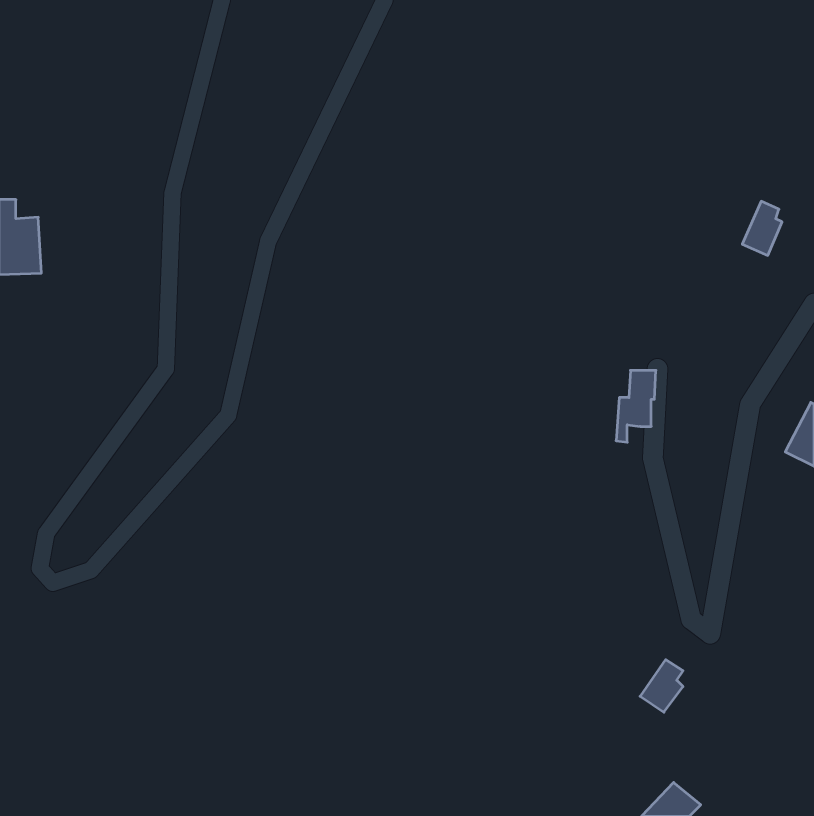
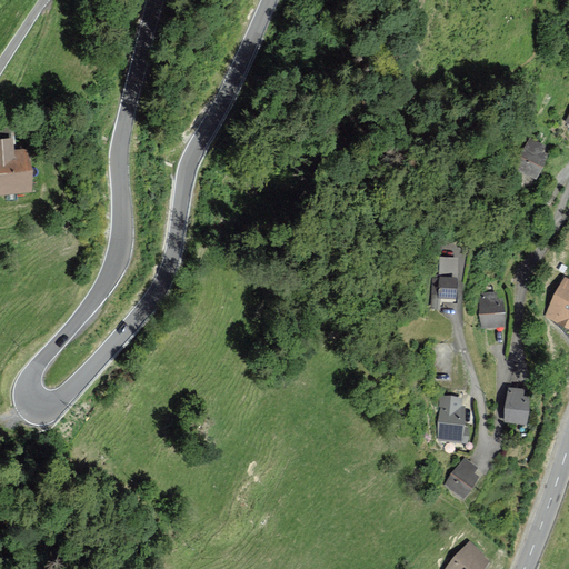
building: none -> [479,292,501,326]
building: none -> [505,388,529,423]
building: none -> [438,397,468,441]

